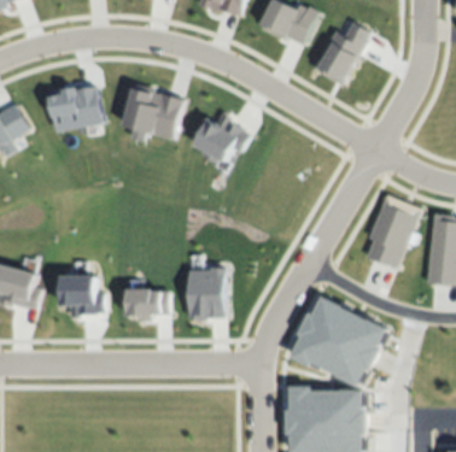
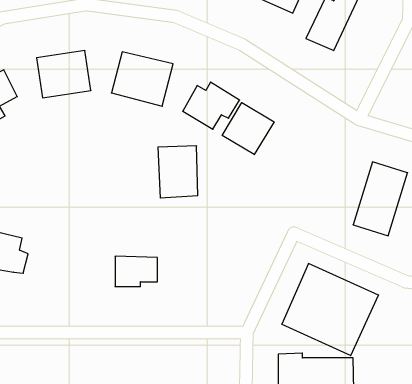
building: none -> [222,103,274,155]
building: [186,269,226,321] -> [158,146,198,198]
building: [57,276,103,316] -> none

